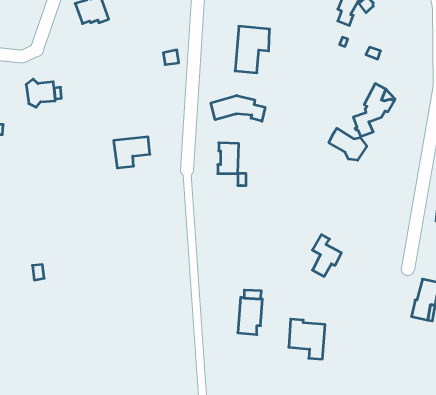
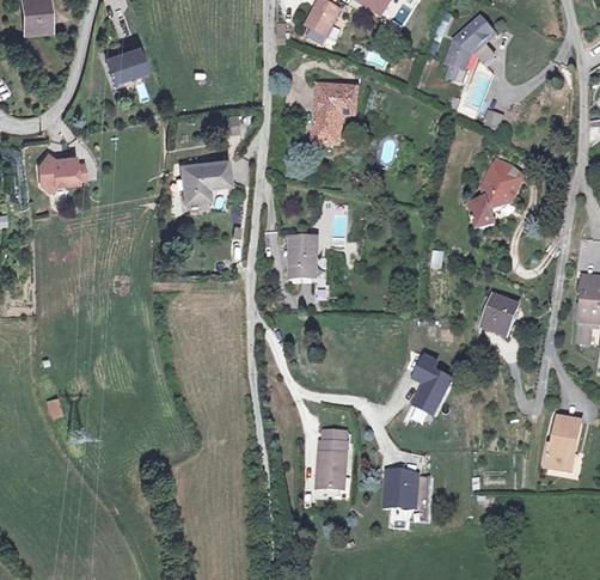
building: [211,95,265,121] -> none
building: [329,128,367,160] -> none
building: [114,137,150,168] -> [180,159,228,200]
building: none -> [482,294,516,331]

